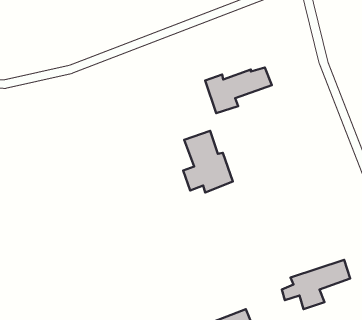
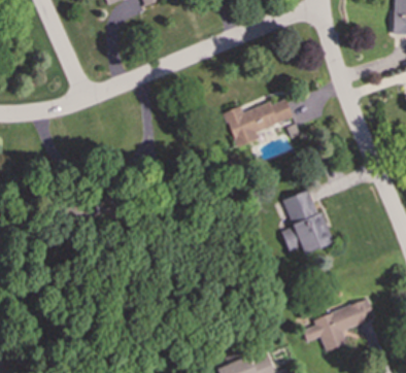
building: [183,131,233,192] -> [281,190,333,253]

